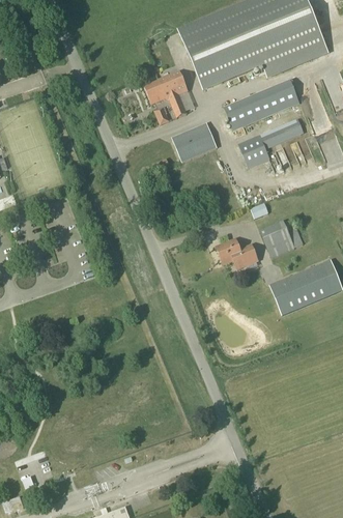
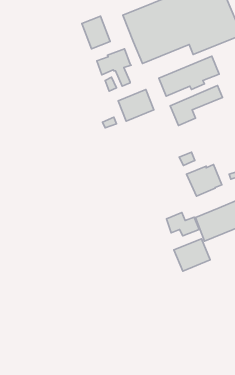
building: none -> [82,16,110,49]
building: [216,238,257,268] -> [166,212,199,236]
building: none -> [174,239,210,271]

